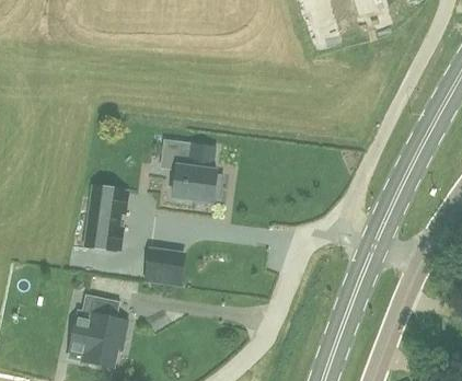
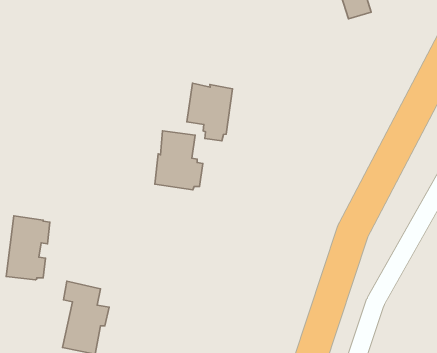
building: none -> [187,83,232,141]
building: [83,185,127,250] -> [6,216,50,280]

